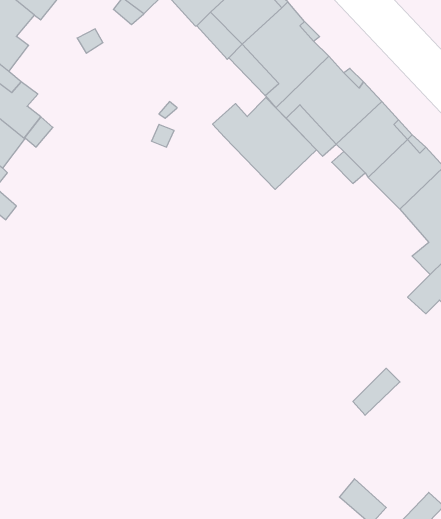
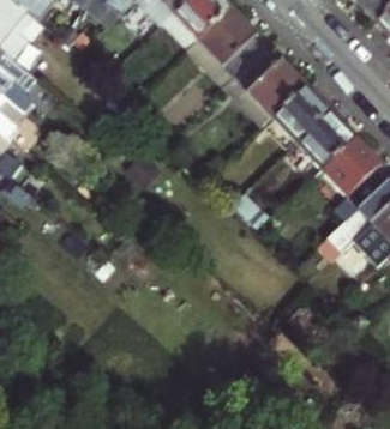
building: [213,98,316,189] -> none

